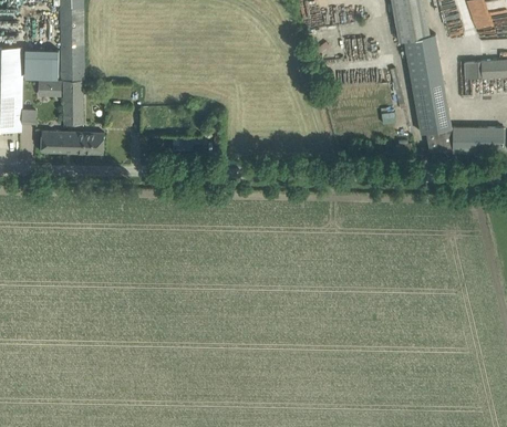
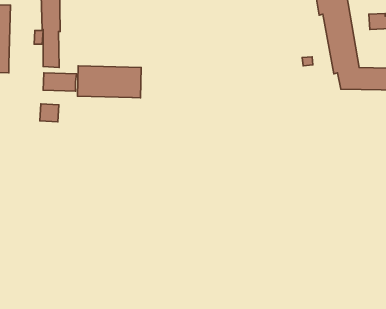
building: [24,49,60,77] -> none
building: none -> [77,66,141,98]
building: [41,131,64,153] -> [40,104,59,122]

